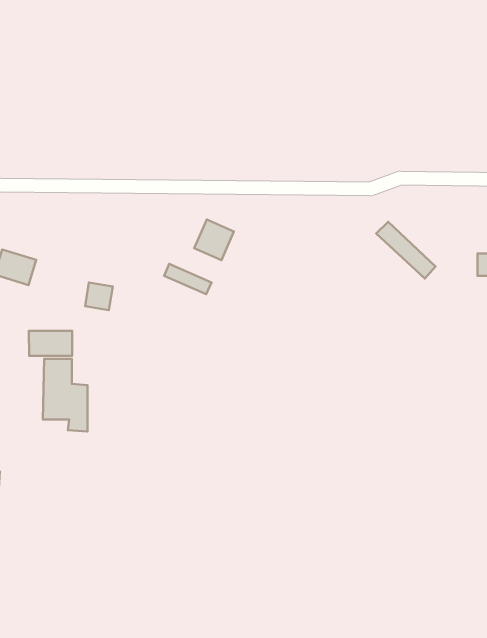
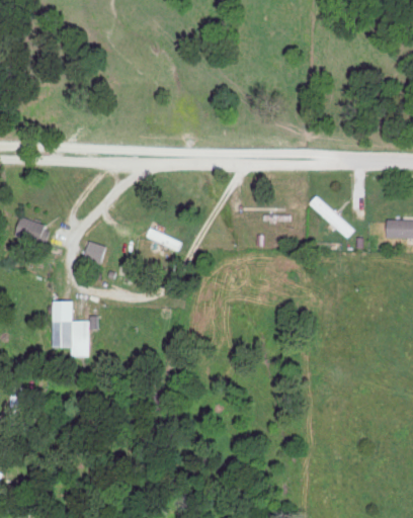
building: [194,219,234,260] -> none
building: [29,331,72,356] -> none

